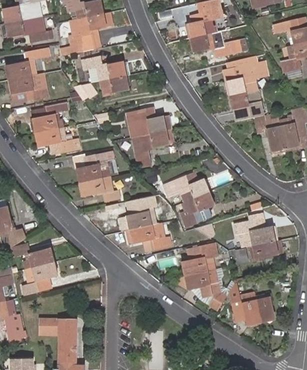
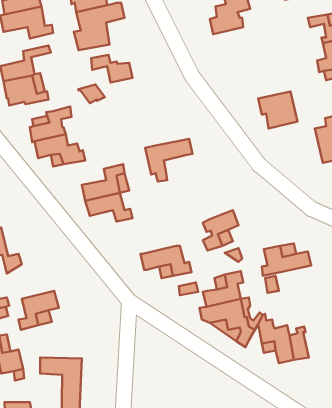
building: [190,31,247,56] -> none
building: [224,54,266,94] -> none
building: [101,75,127,95] -> none
building: [127,110,165,135] -> none
building: [254,113,285,153] -> none
building: [163,176,207,199] -> none
building: [121,197,161,230] -> none
building: [248,239,278,259] -> none
building: [11,244,52,268] -> none

